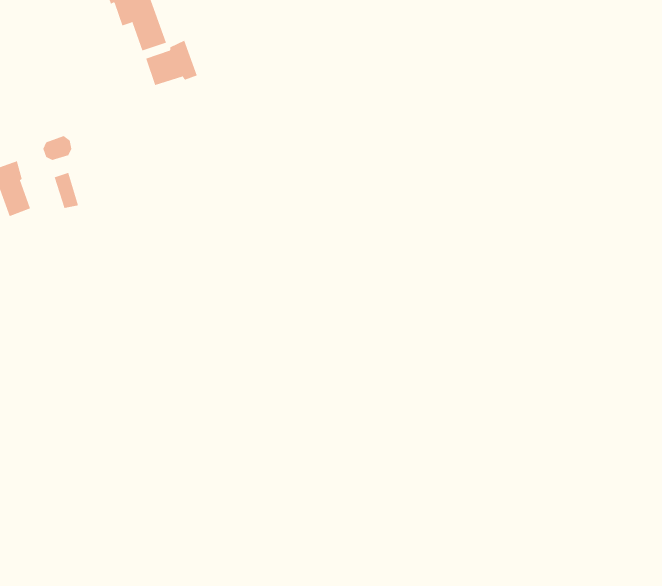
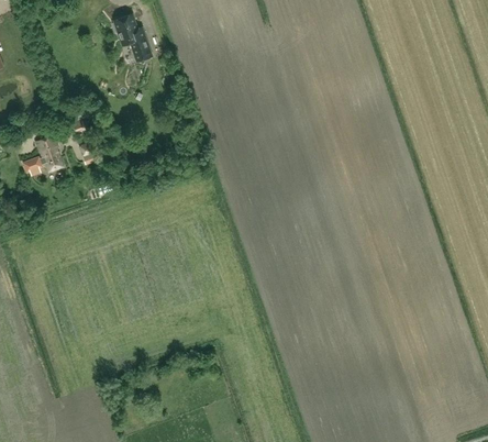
building: [145,40,197,86] -> none

